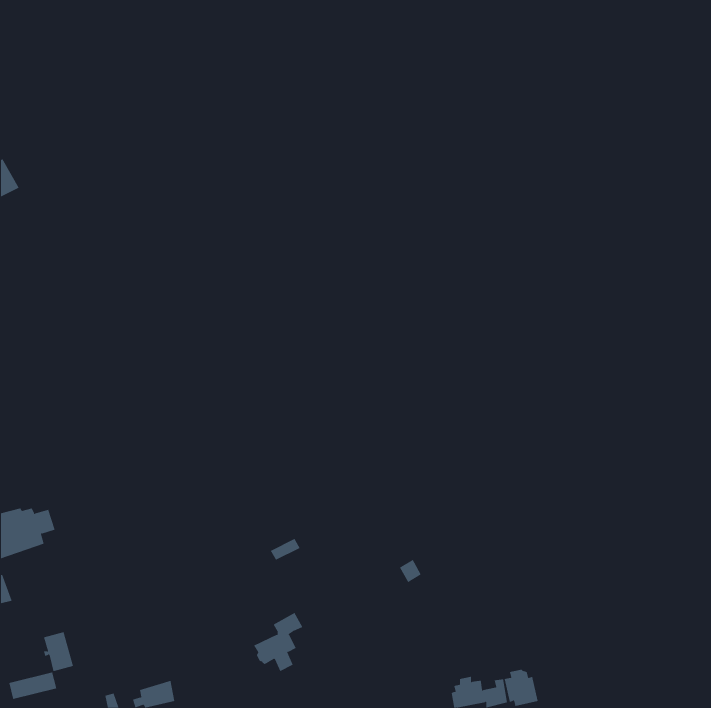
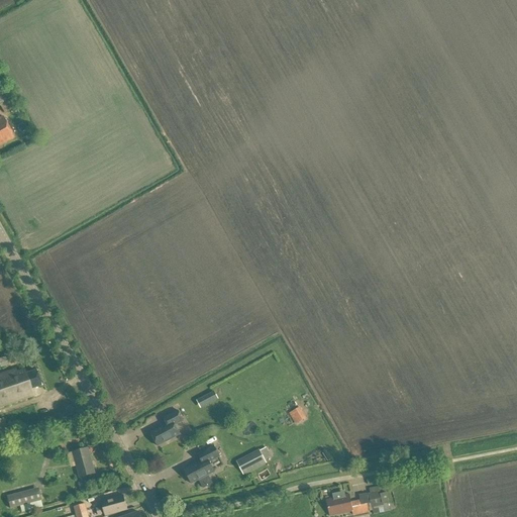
building: none -> [150,410,183,445]
building: none -> [237,446,272,474]
building: [43,631,74,672] -> [73,447,95,477]

